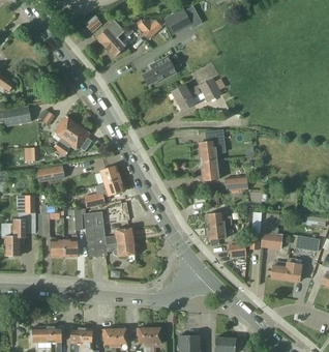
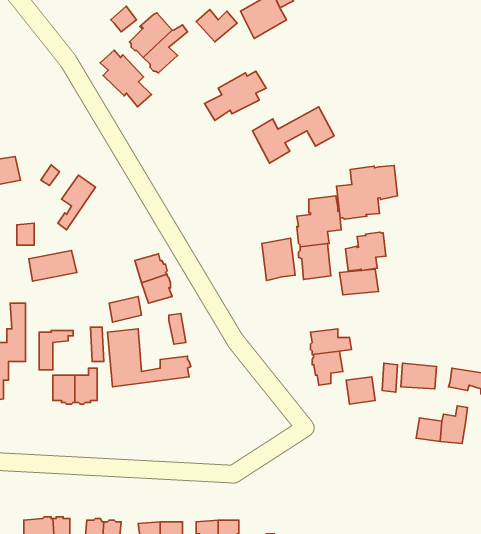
building: none -> [100,50,152,107]
building: none -> [336,166,398,219]
building: [59,125,92,155] -> none
building: none -> [346,232,386,271]
building: none -> [262,238,295,281]
building: [87,240,137,257] -> none

